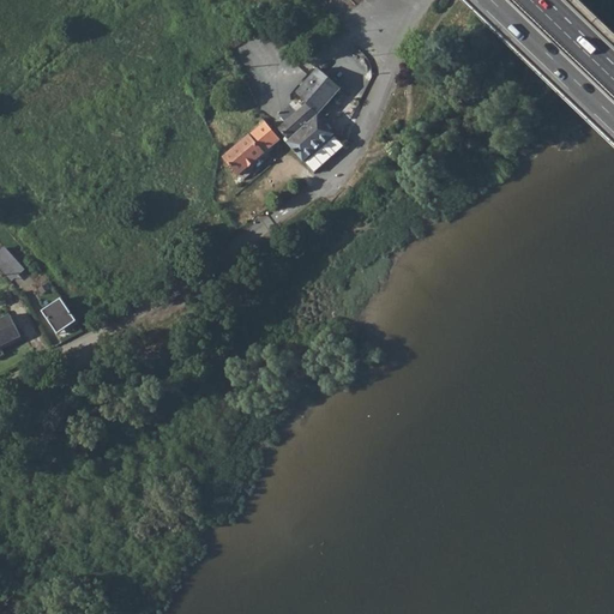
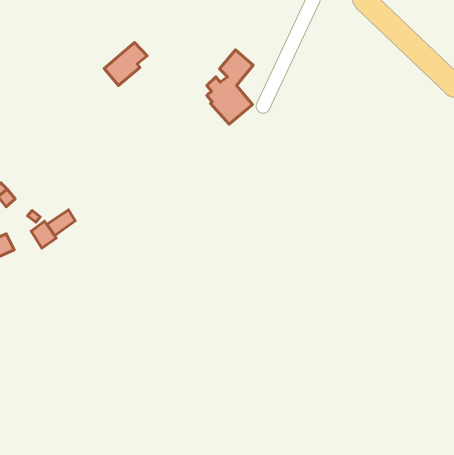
building: [223,121,281,179] -> [104,43,147,85]
building: none -> [47,210,75,235]

